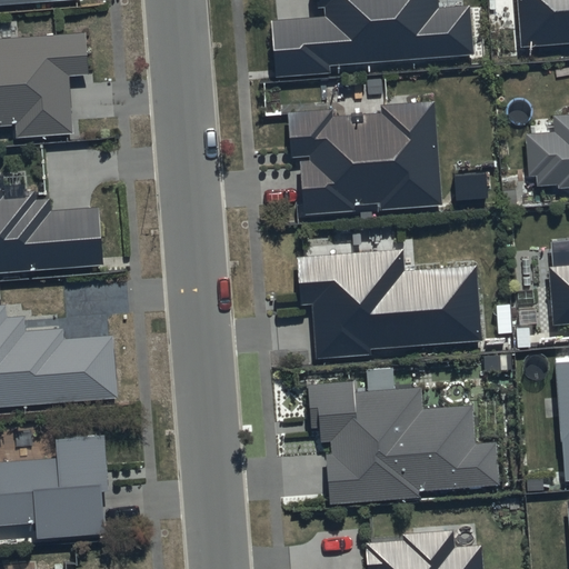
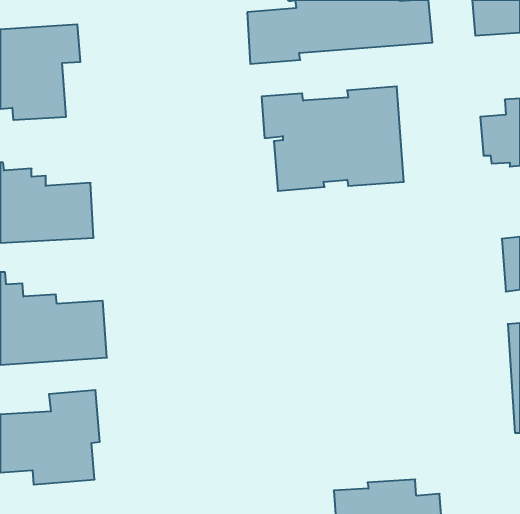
building: [296,249,480,358] -> none
building: [308,381,499,503] -> none

